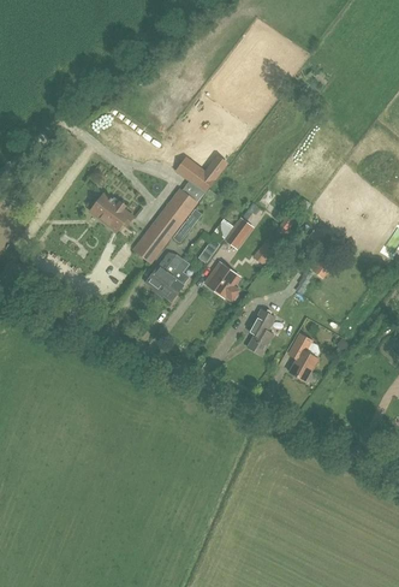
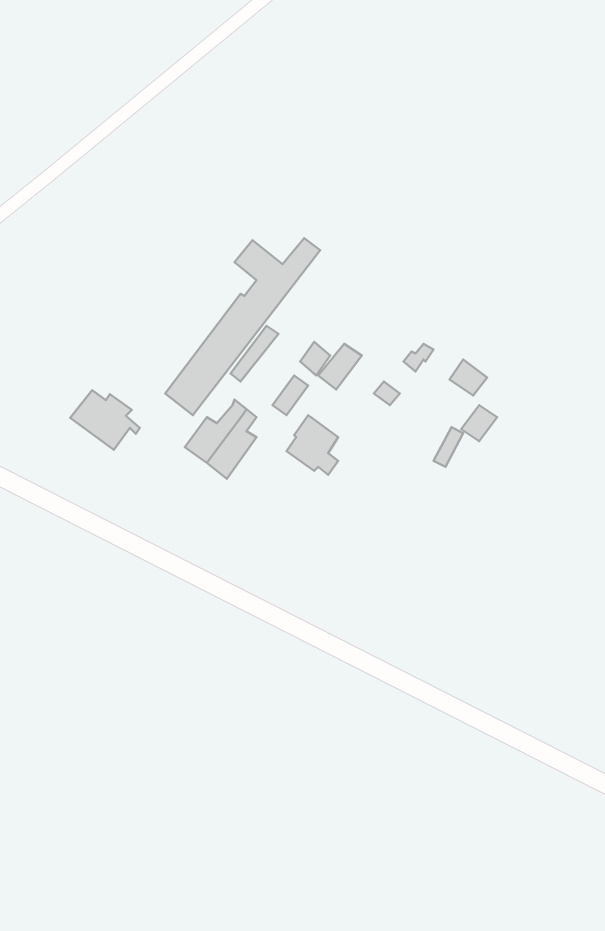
building: [89,194,131,230] -> [70,390,140,450]
building: [245,308,274,354] -> none
building: [288,333,316,380] -> none

